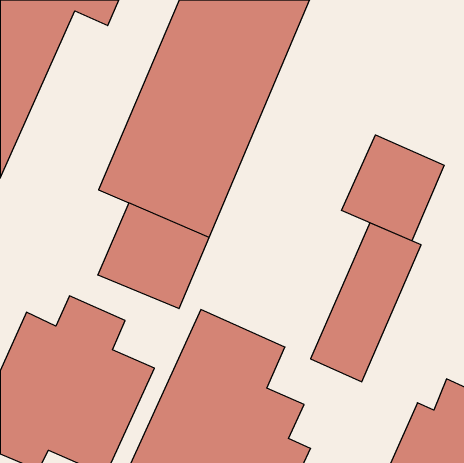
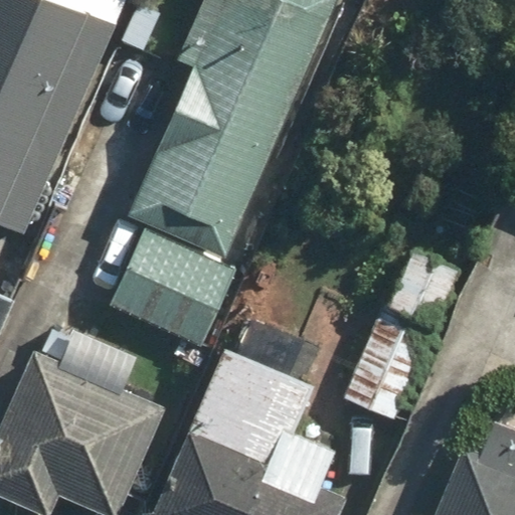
building: [342,135,444,241] -> none

